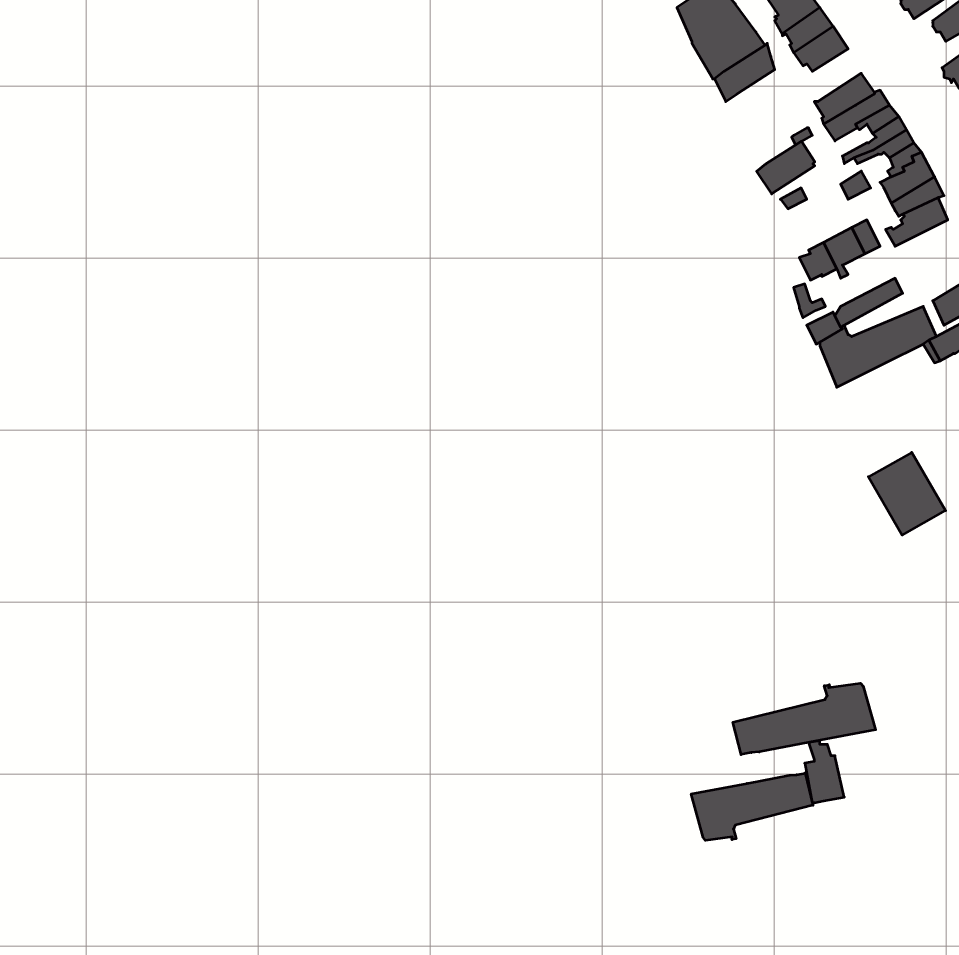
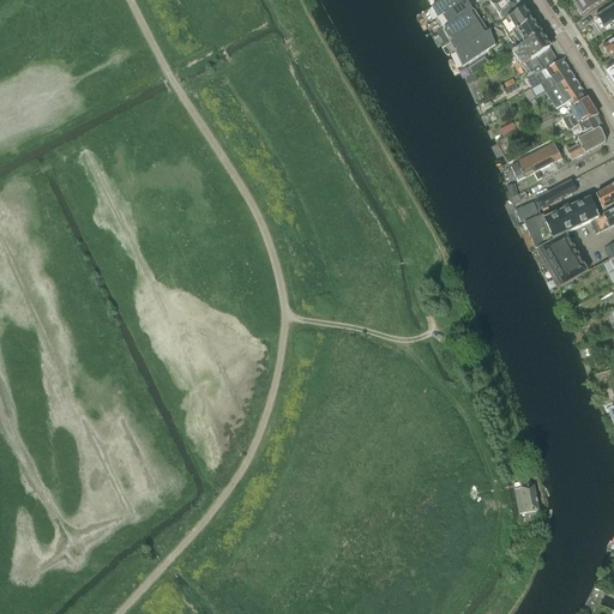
building: [757,141,815,194] -> [513,31,550,65]
building: [868,452,946,535] -> [538,231,588,284]
building: [733,683,876,755] -> none
building: [691,773,813,840] -> none

